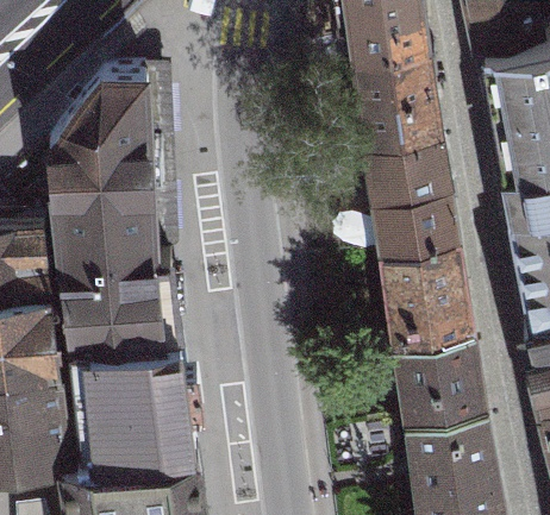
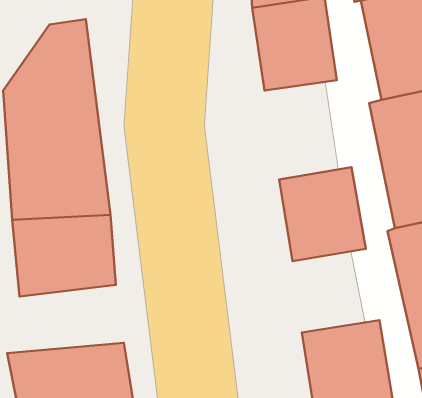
building: [358,130,458,244] -> none
building: [390,324,490,420] -> none
building: [62,365,196,444] -> none

